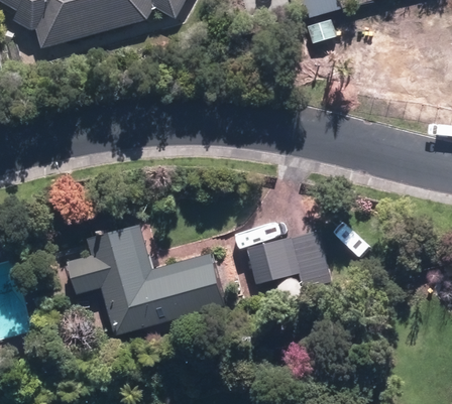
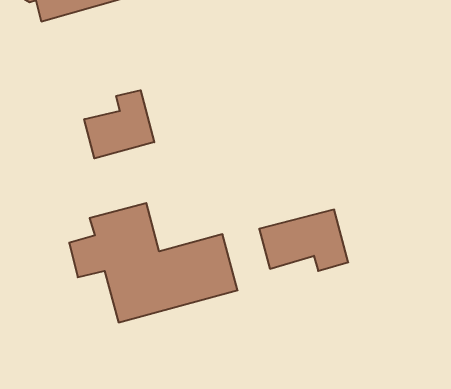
building: none -> [84,90,154,158]

